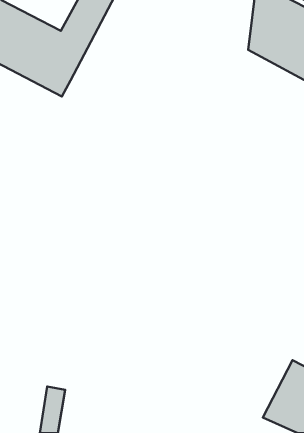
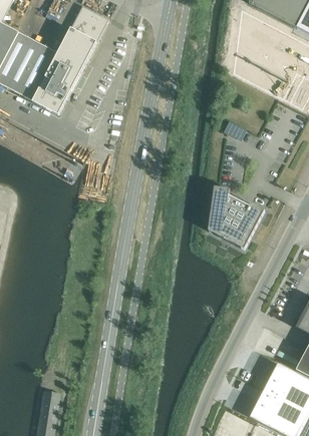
building: none -> [209,186,265,250]

